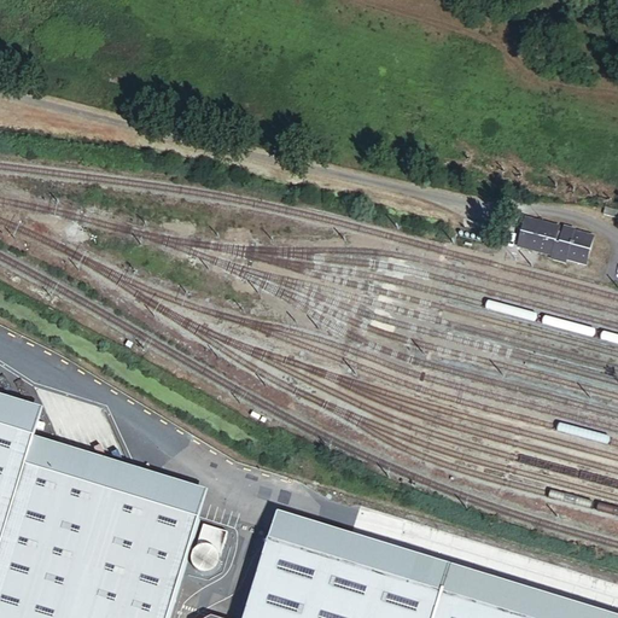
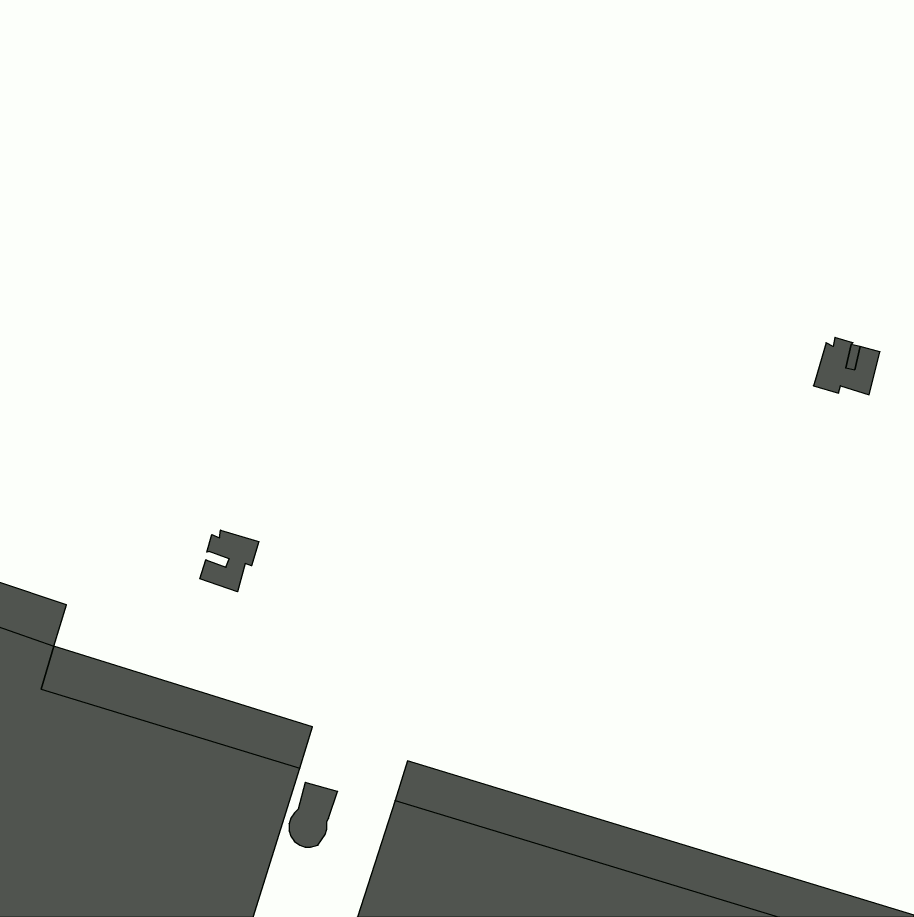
building: [518,221,555,256] -> none
building: none -> [200,530,259,592]

